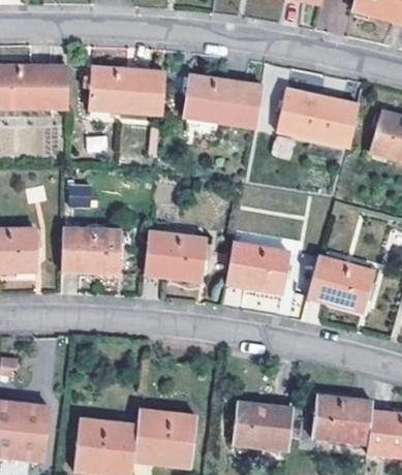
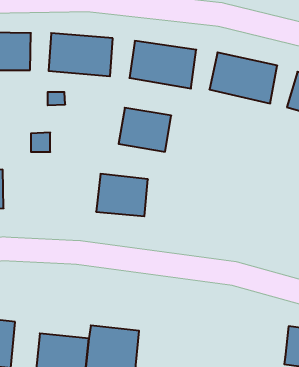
building: [64,226,130,272] -> none
building: [227,242,289,293] -> [119,108,171,152]
building: [308,255,374,312] -> none
building: [312,394,372,445] -> none
building: [231,401,292,450] -> none

